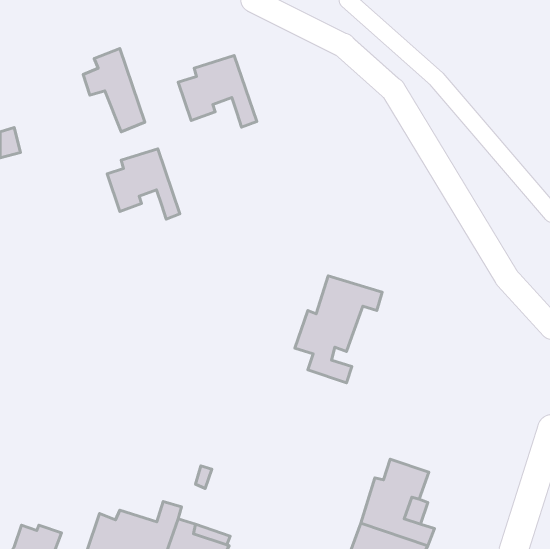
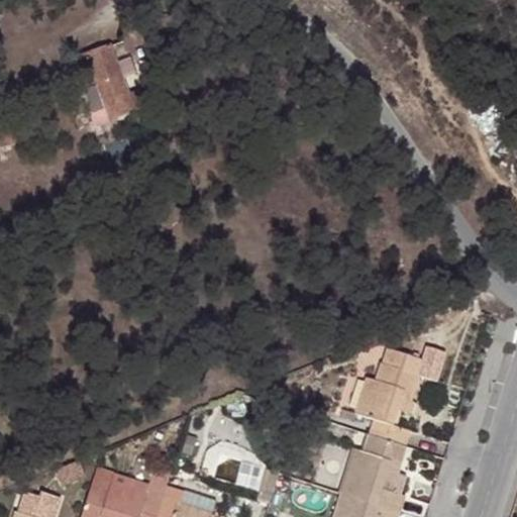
building: [178,56,257,127] -> none
building: [107,149,180,219] -> none
building: [295,276,382,383] -> [354,344,436,444]

